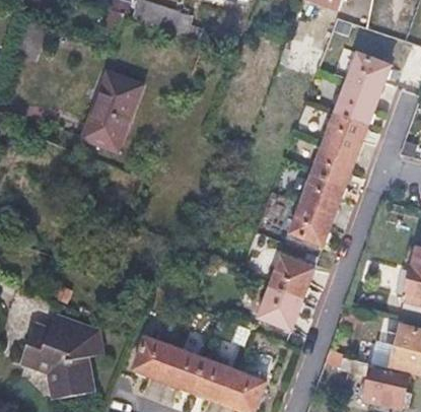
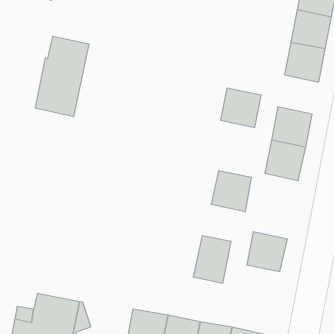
building: [311,143,354,185] -> [220,88,261,127]
building: [269,257,311,299] -> [211,171,252,212]
building: none -> [193,236,231,283]

